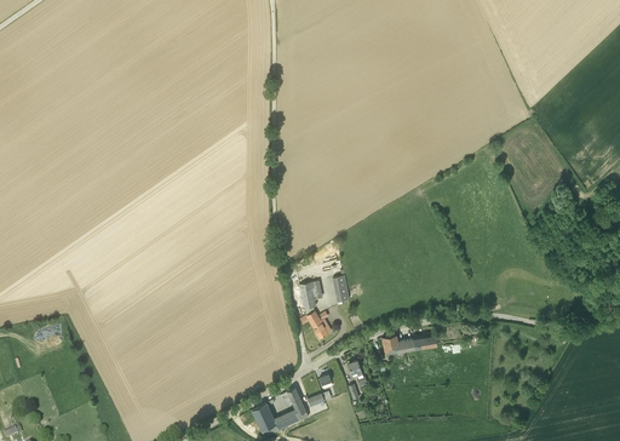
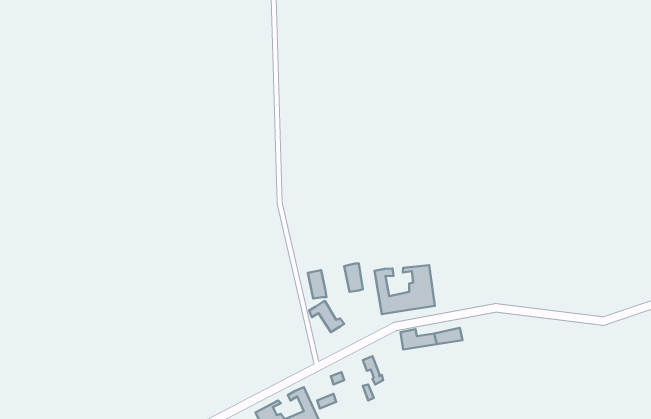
building: none -> [374,265,435,314]

